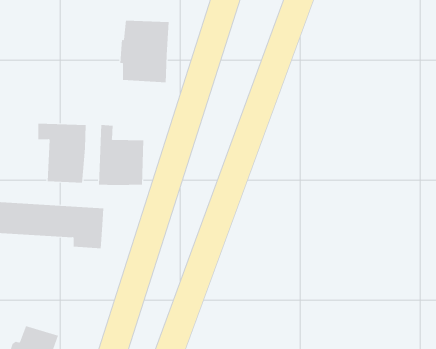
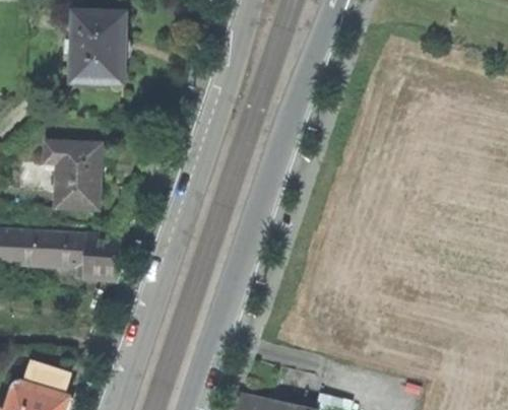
building: [119,20,169,83] -> [69,13,124,82]
building: [98,124,144,186] -> none

